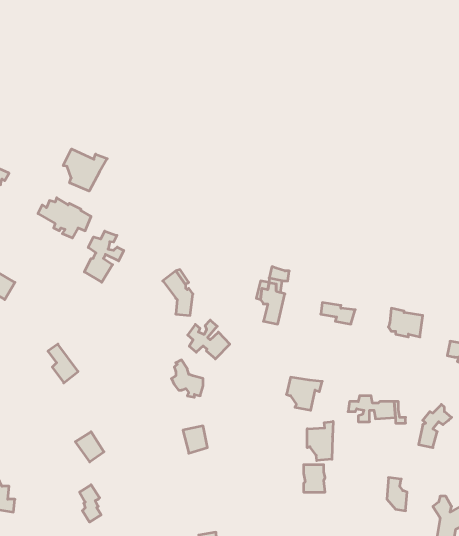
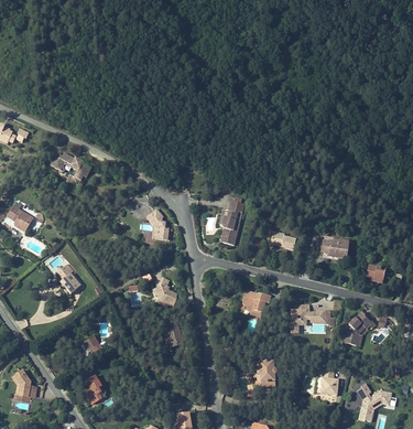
building: [63,149,107,191] -> none
building: [84,231,124,282] -> none
building: [188,320,230,359] -> none
building: [307,421,333,461] -> none

